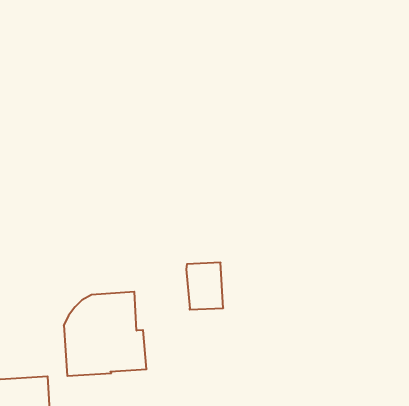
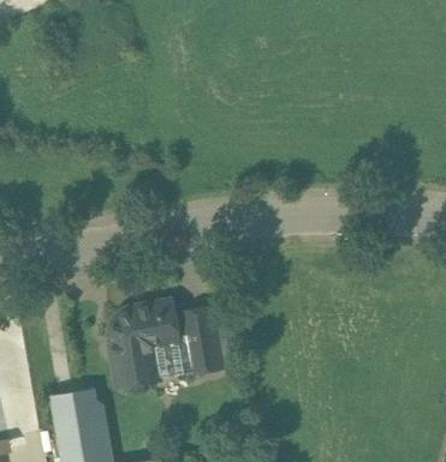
building: [186,263,223,310] -> [184,325,222,372]

